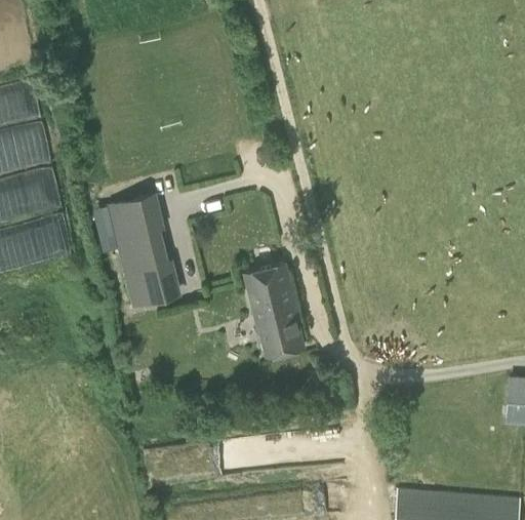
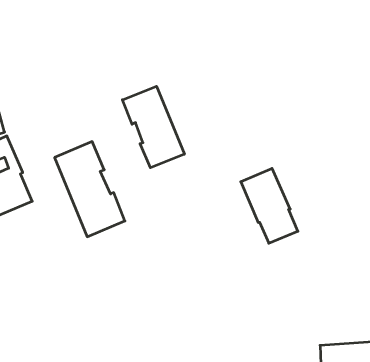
building: none -> [122,86,184,168]
building: [243,266,304,357] -> [241,168,298,243]

